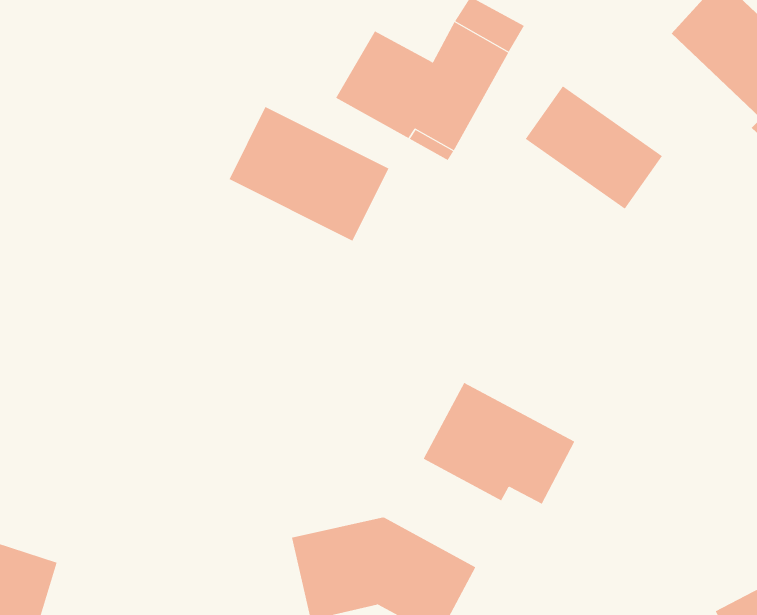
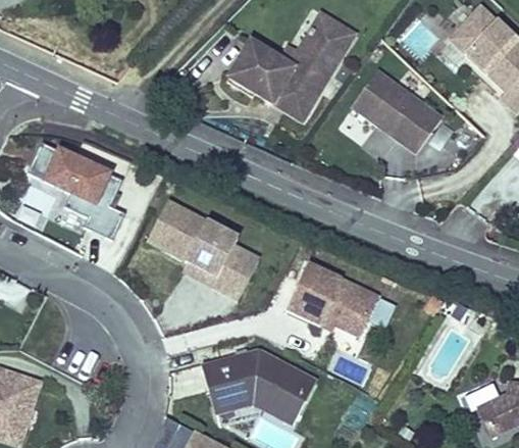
building: [229,106,389,241] -> none
building: none -> [27,141,124,239]
building: none -> [153,203,261,303]

